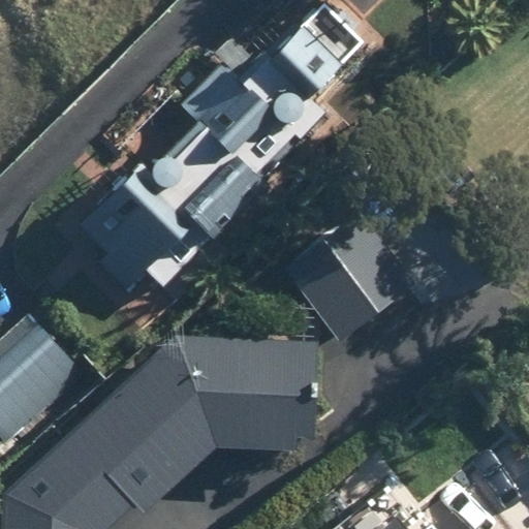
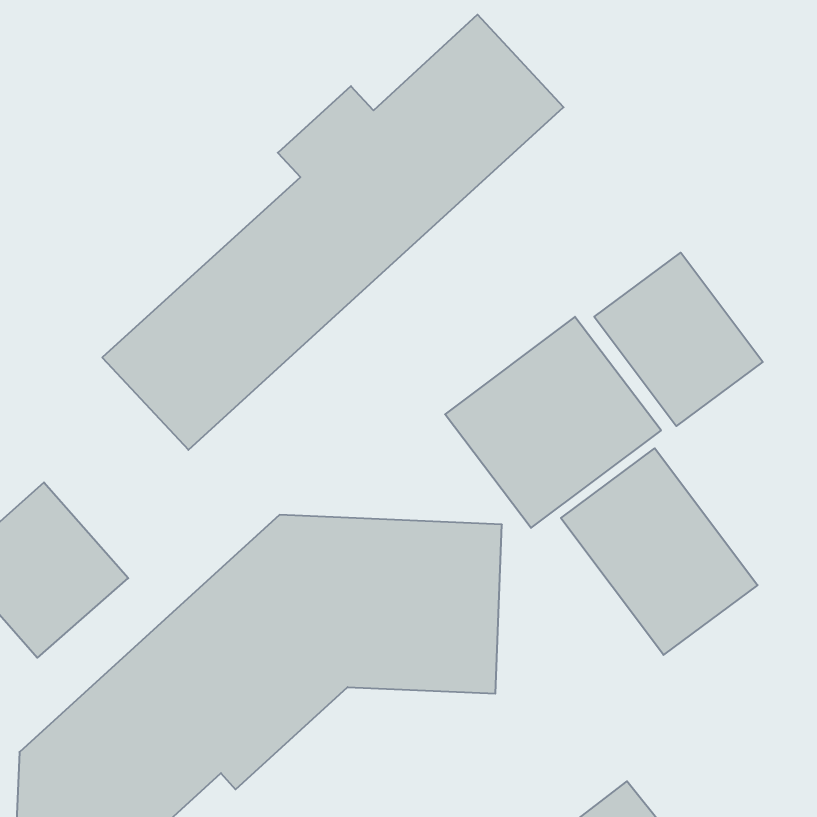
building: none -> [594,253,763,426]
building: none -> [561,448,758,655]

